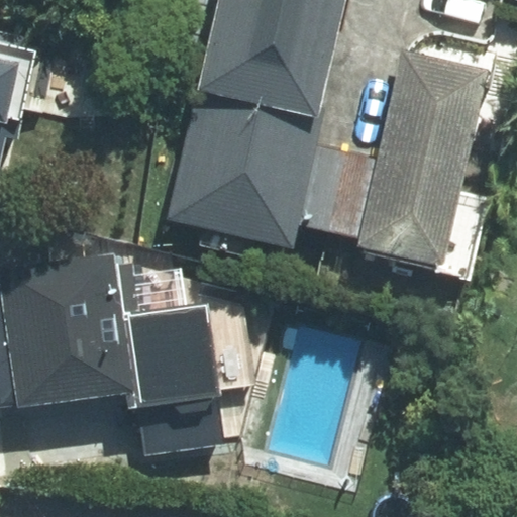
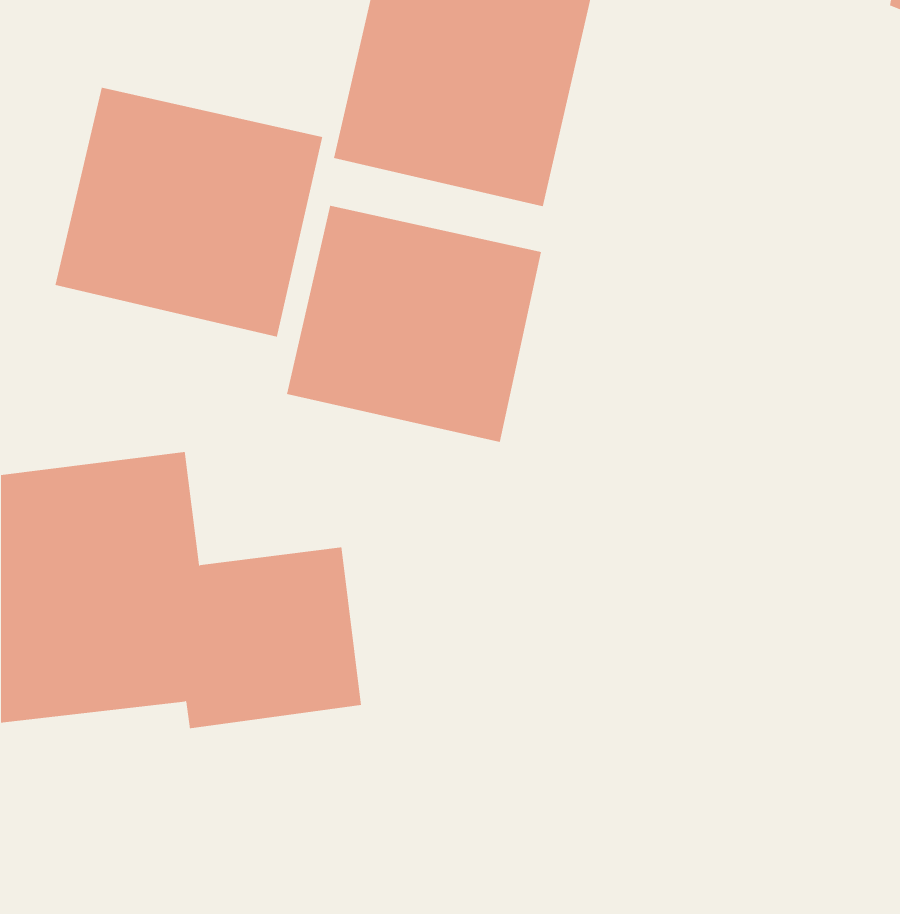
building: none -> [55,87,323,338]
building: [359,49,489,266] -> none

